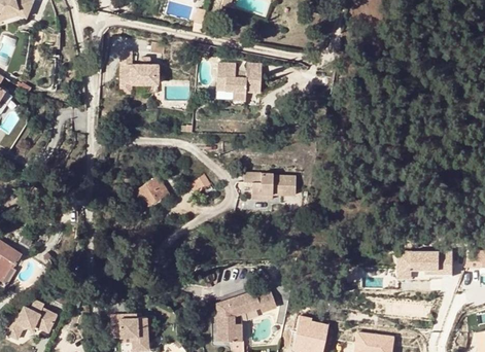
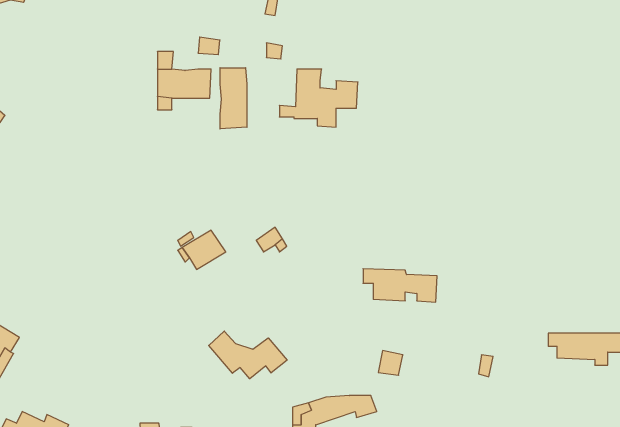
building: none -> [220,68,247,129]
building: [243,171,296,195] -> [363,269,437,302]
building: none -> [209,331,287,379]

